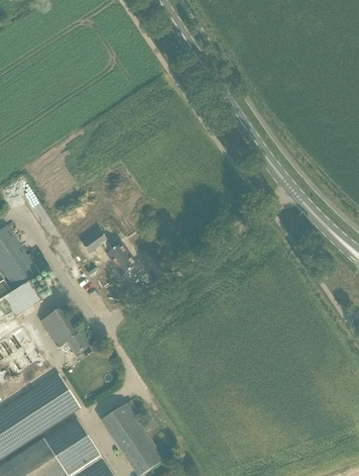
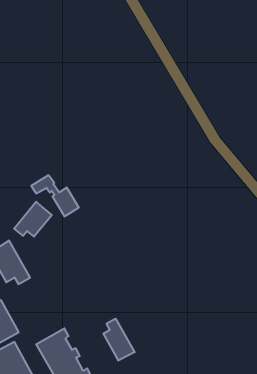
building: none -> [14,202,52,237]
building: none -> [103,319,135,361]

